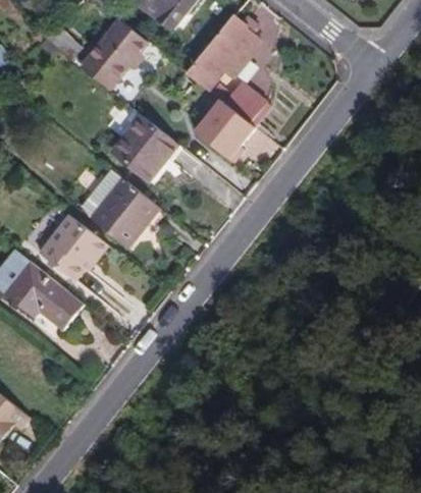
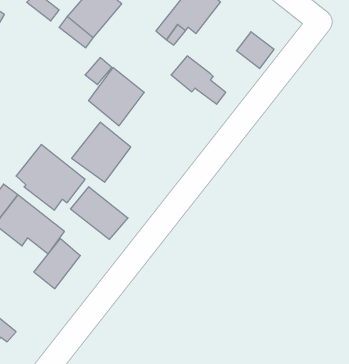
building: [223,81,266,123] -> [236,32,274,68]
building: none -> [71,187,128,239]
building: none -> [34,239,80,289]

